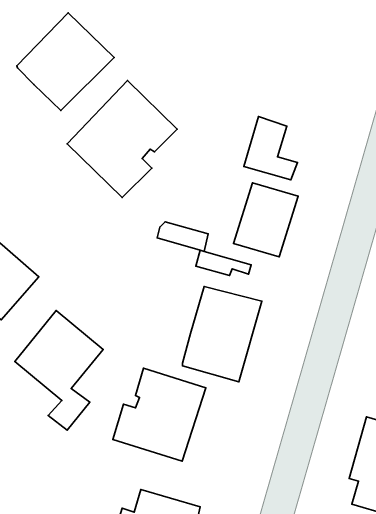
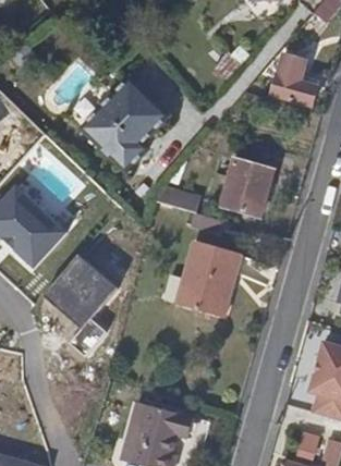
building: [17,13,114,111] -> none
building: [244,117,298,180] -> [271,52,315,103]
building: [113,368,206,461] -> none

